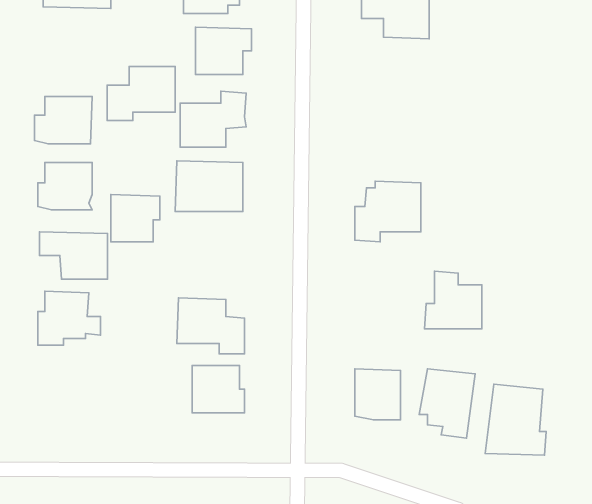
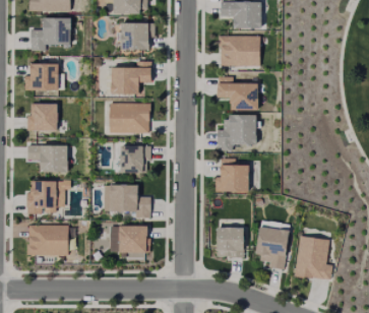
building: none -> [218,36,259,66]
building: [107,67,175,121] -> [29,18,70,51]
building: none -> [216,83,258,111]
building: [111,194,160,242] -> [120,145,149,174]
building: [424,271,482,329] -> [213,158,248,192]
building: none -> [25,225,68,256]

